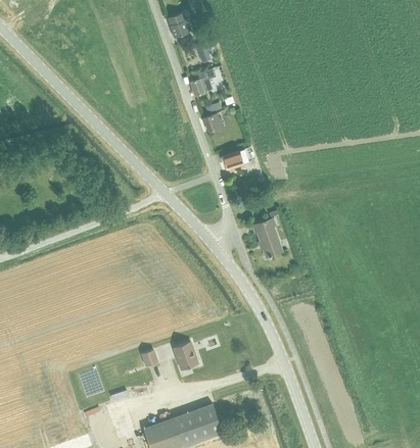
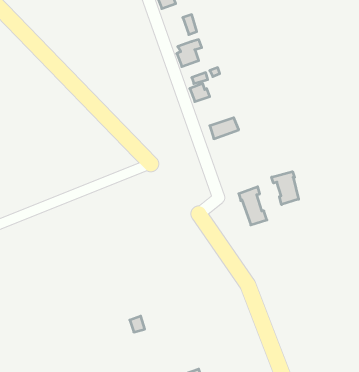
building: none -> [272,172,299,205]
building: [174,342,198,370] -> none

